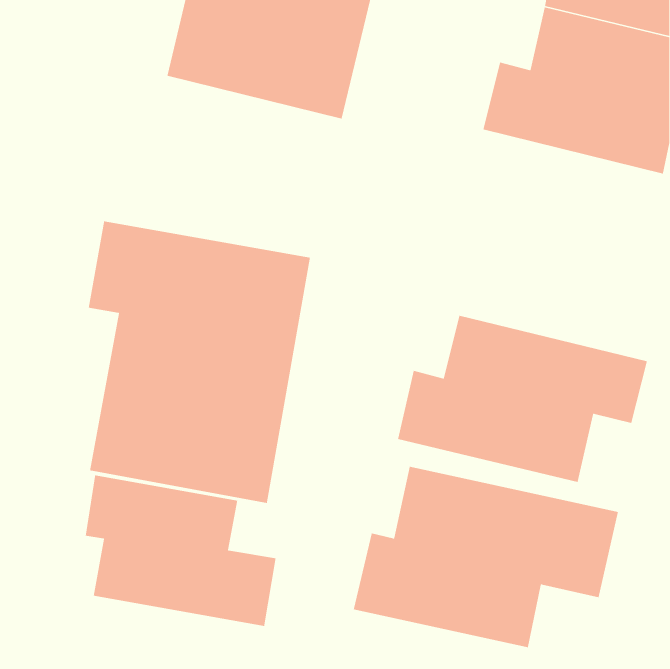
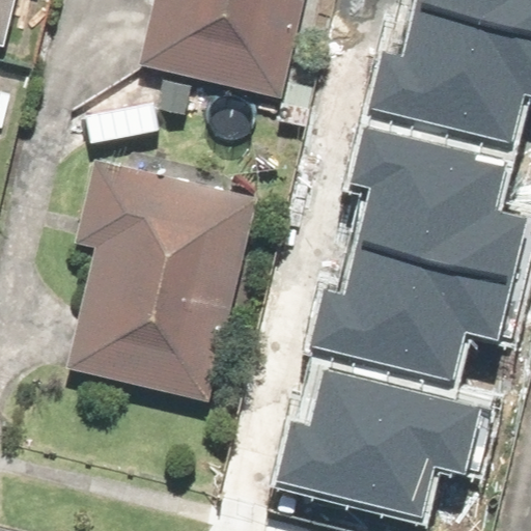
building: none -> [353,136,526,285]
building: [85,474,276,627] -> none

